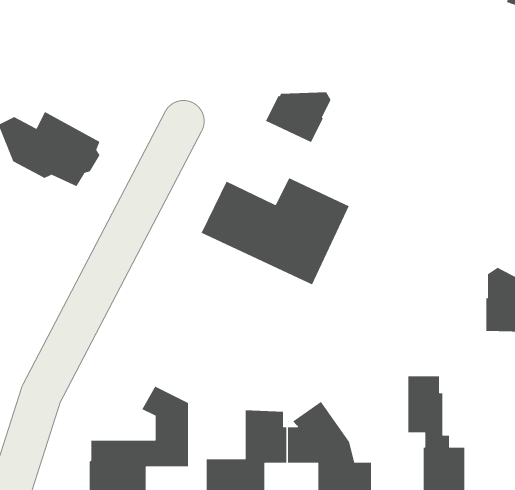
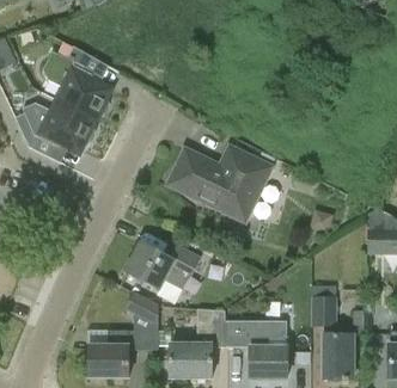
building: none -> [42,50,112,119]
building: [265,91,332,143] -> none
building: none -> [124,241,201,302]

